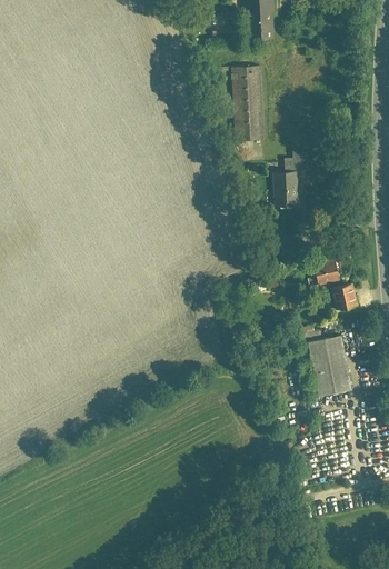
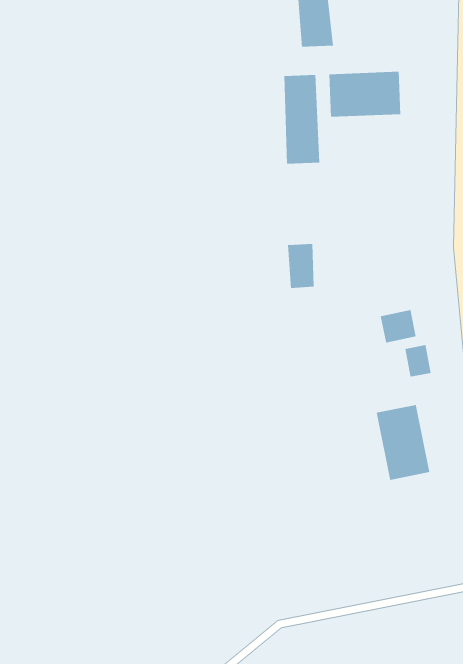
building: none -> [329,71,401,118]
building: [276,171,298,208] -> [287,244,314,288]

